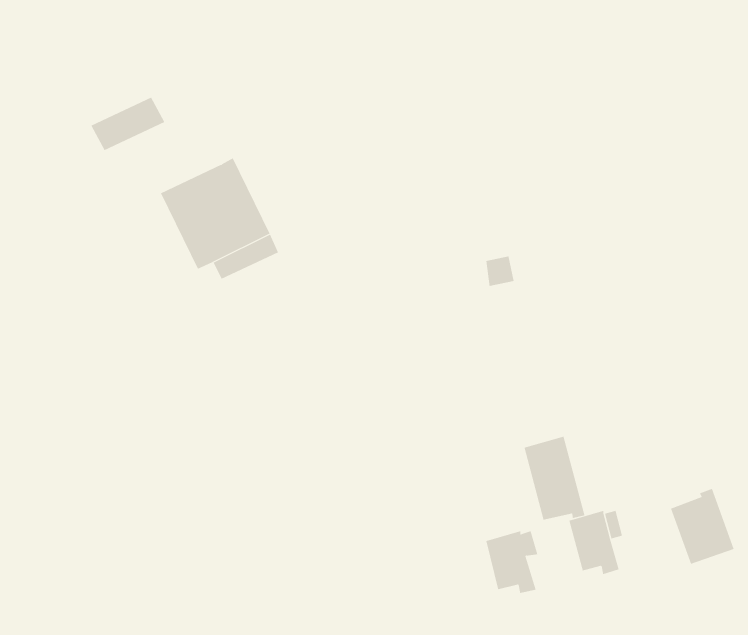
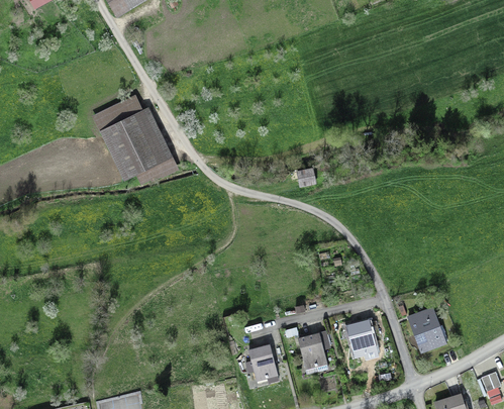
building: [91,97,165,151] -> [96,99,140,131]
building: [524,436,585,521] -> none
building: none -> [248,343,277,380]

